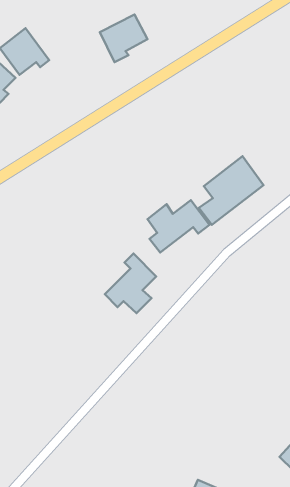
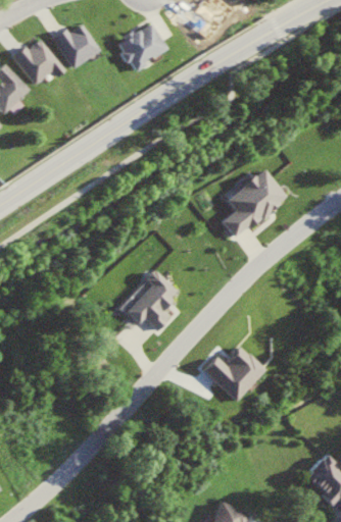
building: none -> [51,24,99,68]
building: [147,200,210,253] -> none
building: none -> [202,347,263,400]

